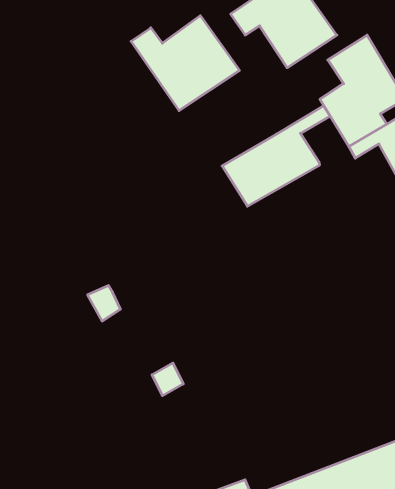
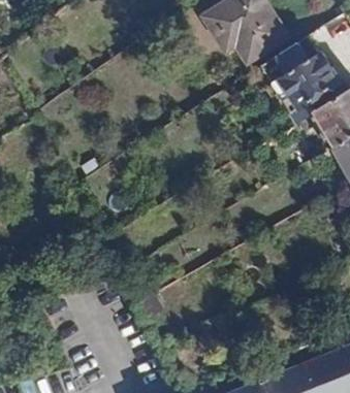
building: [131,16,239,111] -> none
building: [222,106,330,206] -> none

